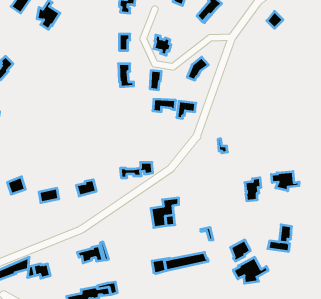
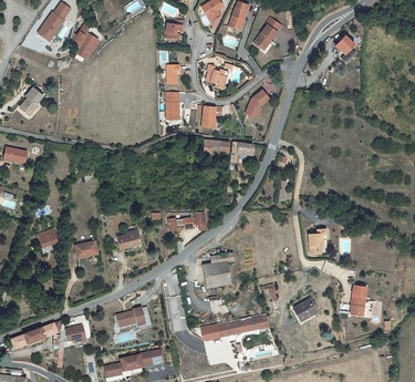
building: [271,171,299,191] -> none
building: [233,257,268,283] -> none

